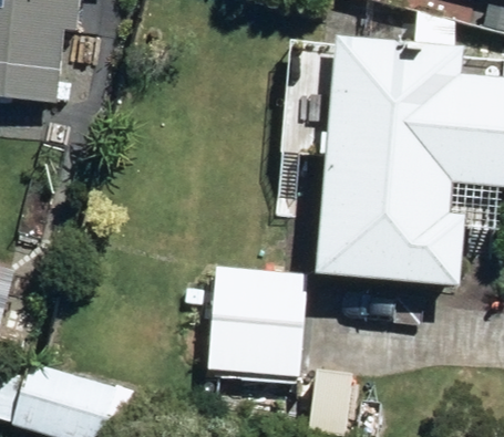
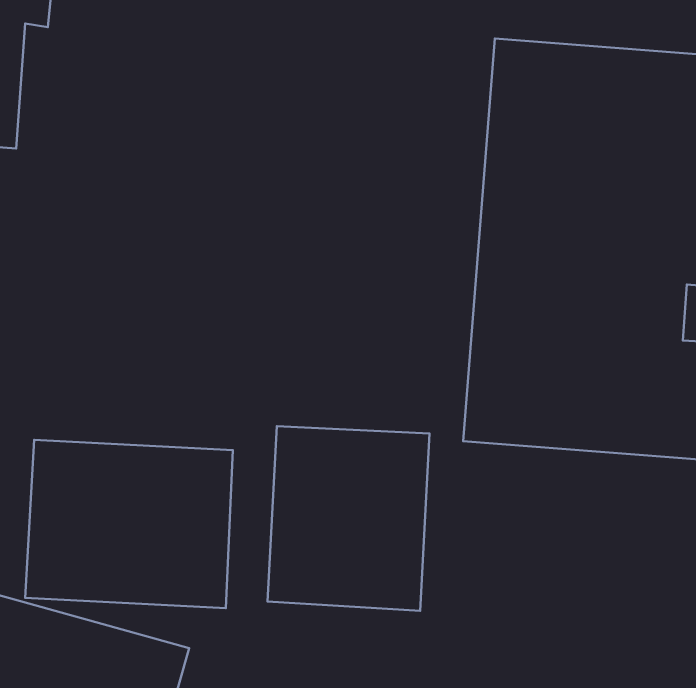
building: none -> [25,440,233,608]

